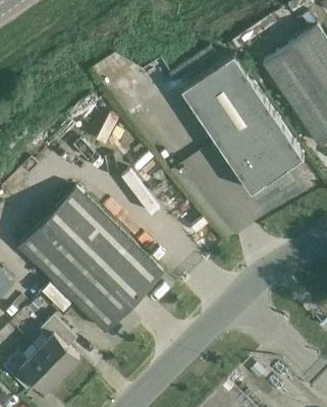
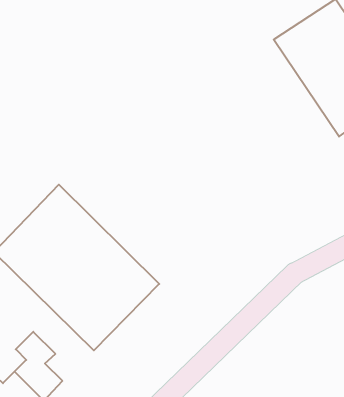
building: [182,57,305,194] -> none

